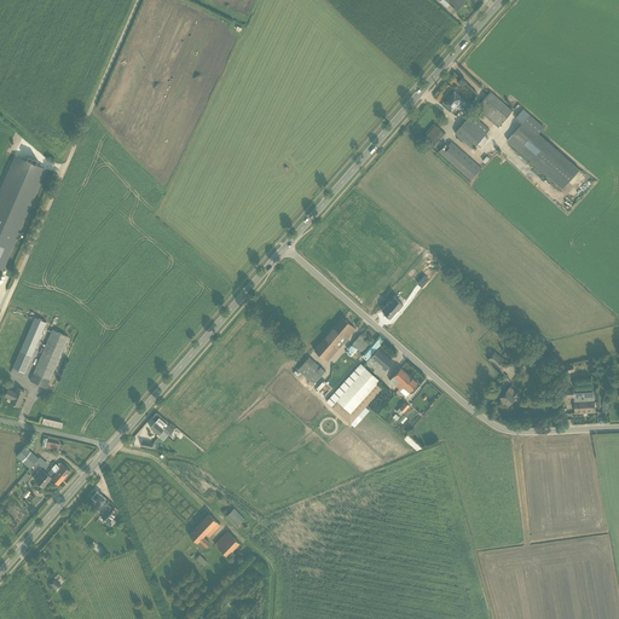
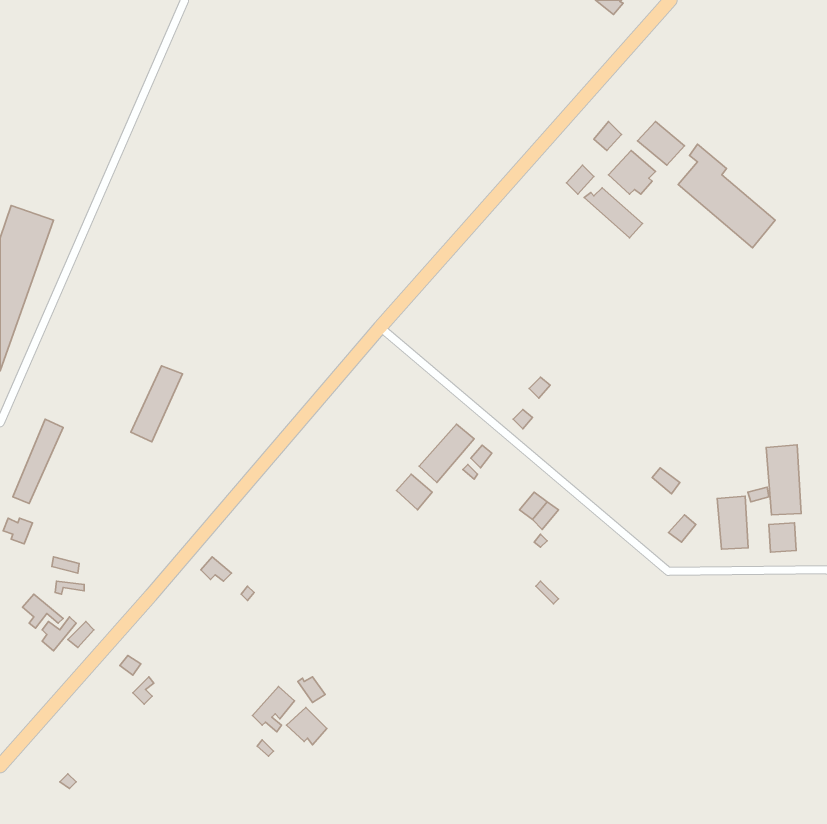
building: [30,331,69,388] -> [131,366,183,442]
building: none -> [766,445,801,515]
building: [335,349,391,412] -> none
building: none -> [717,496,748,549]

